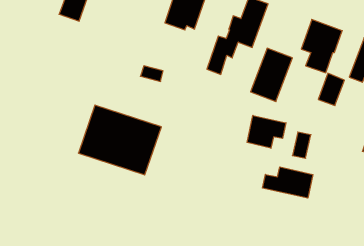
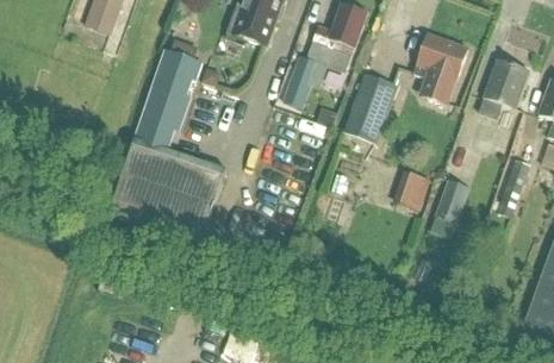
building: none -> [136,46,204,146]
building: [318,73,344,106] -> [435,176,471,220]
building: [247,115,286,148] -> none
building: [263,167,313,198] -> none

